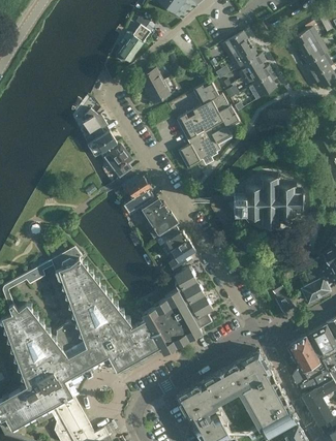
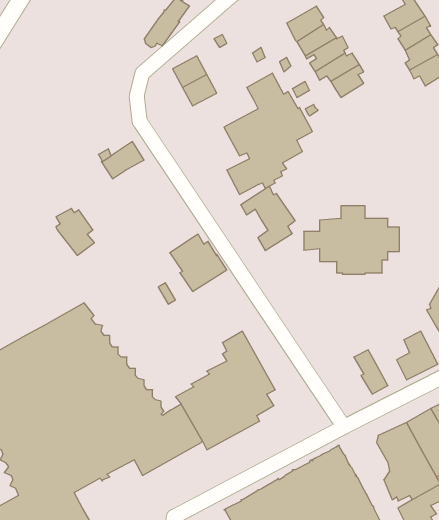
building: [83,109,109,138] -> none
building: [104,145,132,179] -> [56,208,94,255]
building: [121,175,155,216] -> none
building: [156,226,195,273] -> [241,186,295,251]

